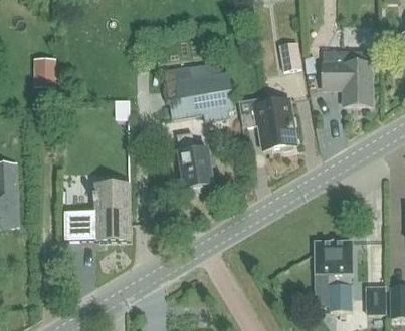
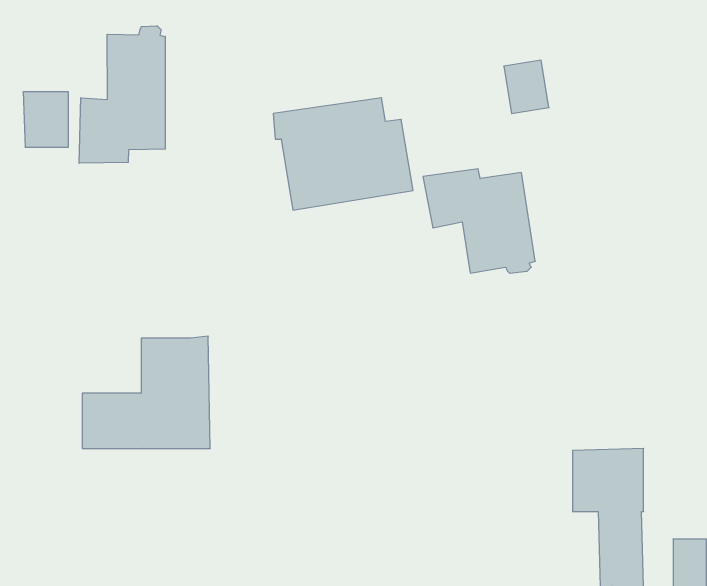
building: none -> [79,26,165,163]
building: [323,49,372,104] -> none
building: [177,131,214,189] -> none

